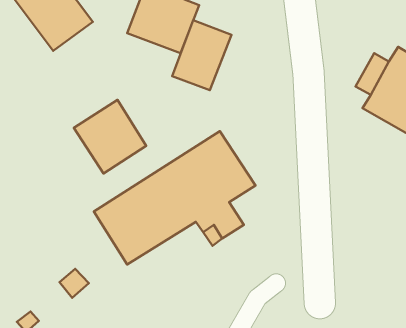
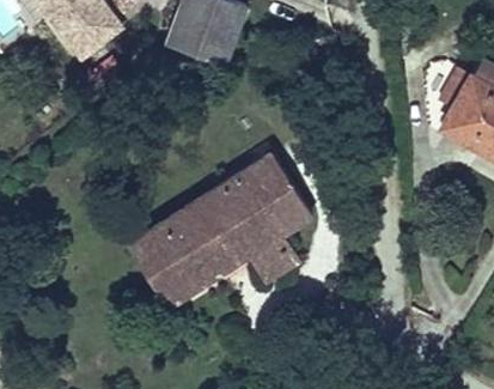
building: [172,20,231,90] -> none
building: [74,100,146,173] -> none

